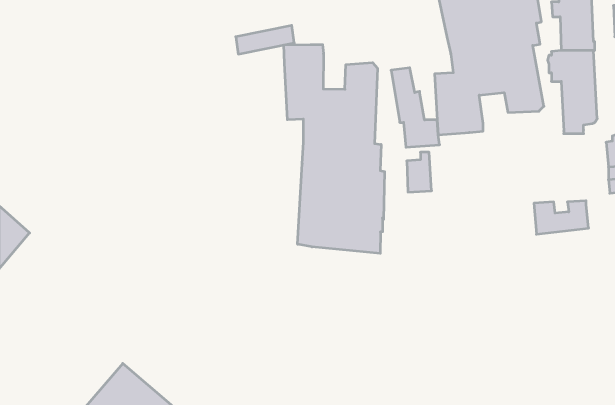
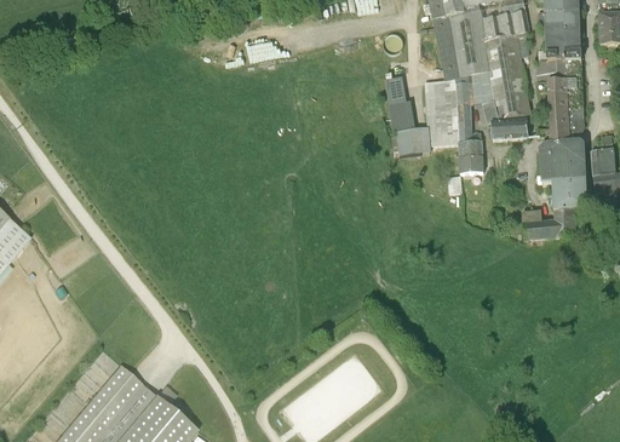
building: [284,45,385,253] -> none
building: none -> [490,117,529,136]
building: none -> [540,138,587,208]
building: [407,152,432,192] -> [459,130,483,168]

